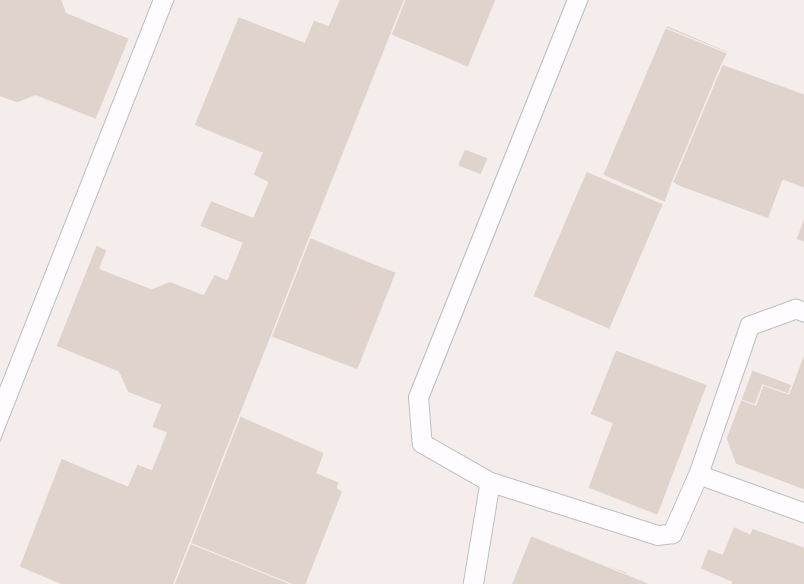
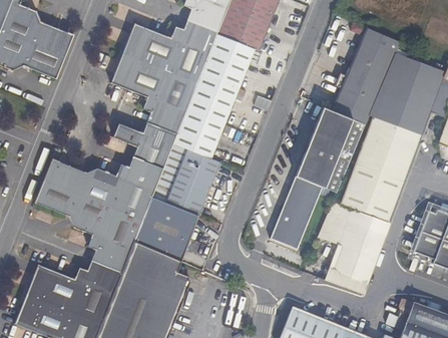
building: none -> [172,33,255,159]
building: none -> [340,115,422,222]
building: none -> [271,176,322,248]
building: none -> [134,198,198,261]

